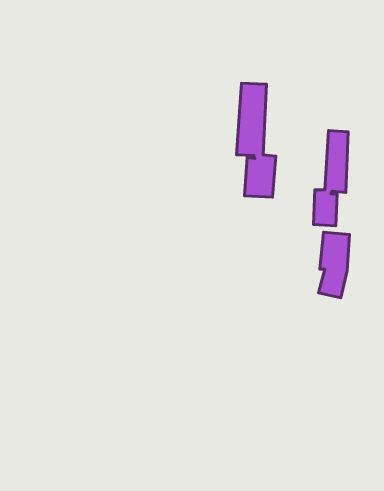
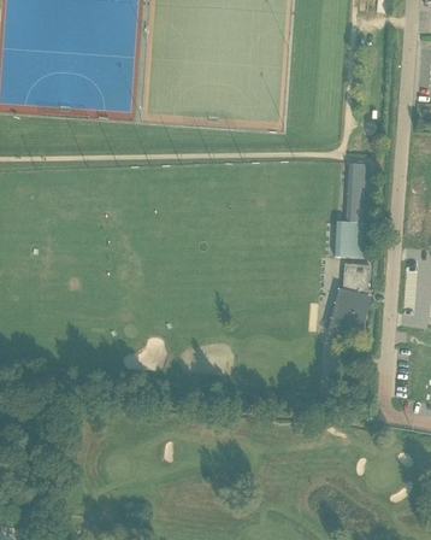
building: [236,83,276,197] -> none

